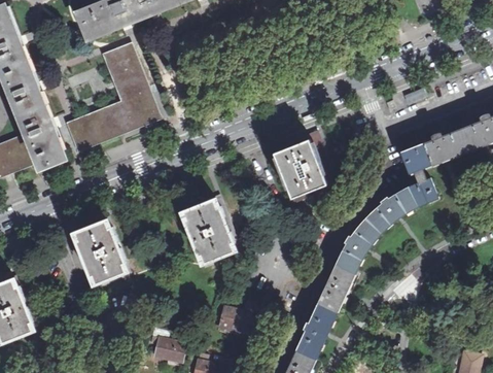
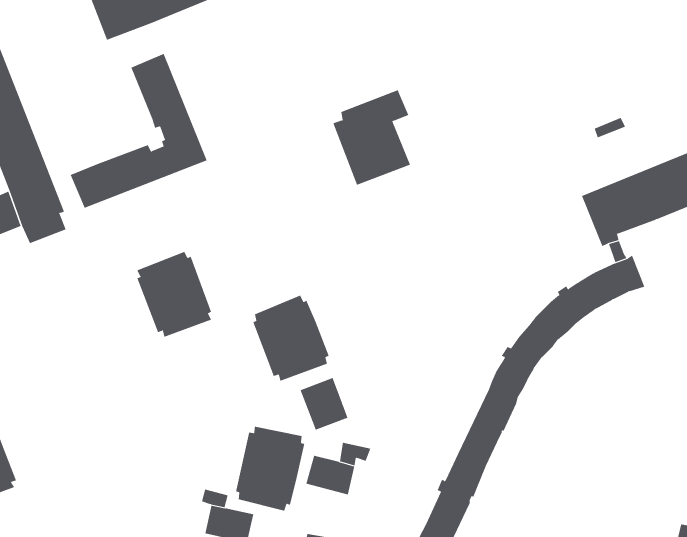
building: [274,131,324,193] -> [332,89,411,185]
building: [76,224,125,279] -> [137,251,212,338]
building: none -> [300,377,348,431]
building: none -> [236,426,305,512]

